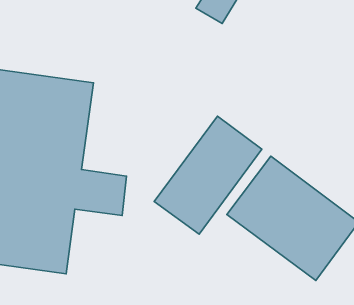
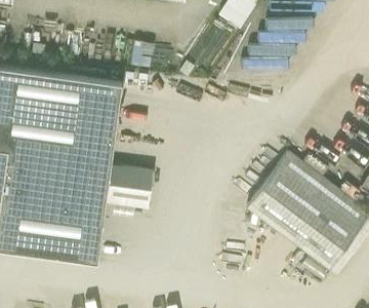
building: [154,116,262,234] -> none

